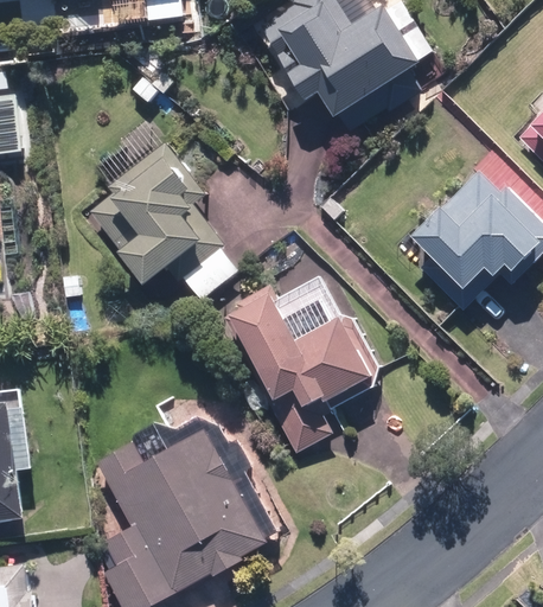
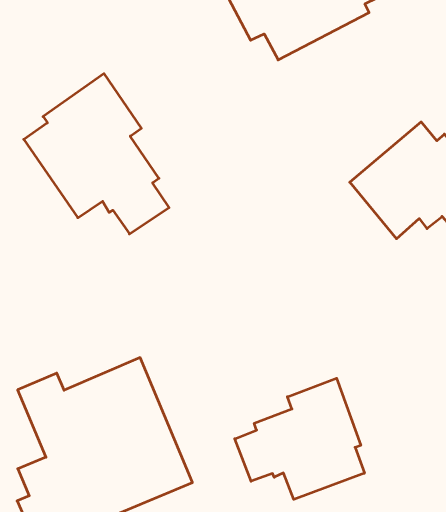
building: [226,274,382,456] -> none
building: none -> [235,378,364,499]

